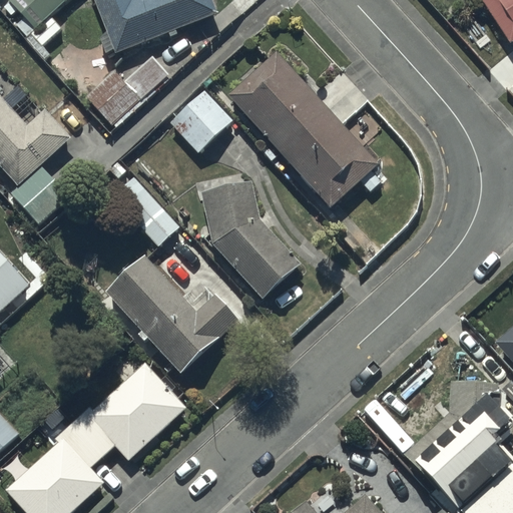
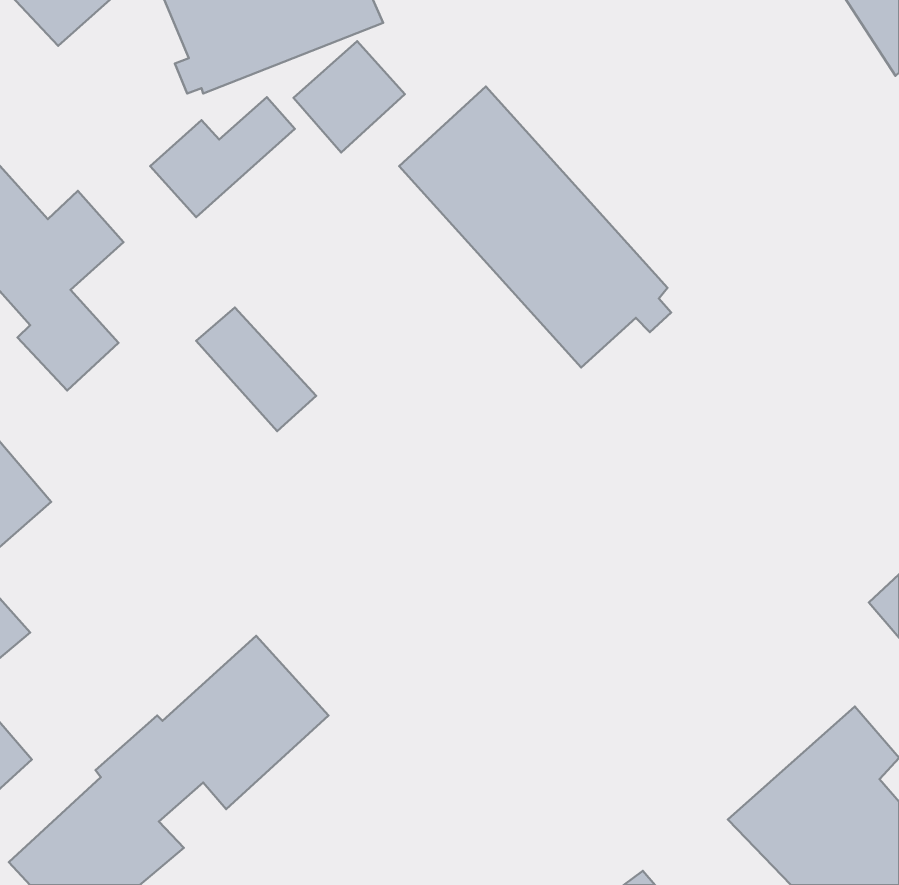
building: [169,88,232,151] -> [294,41,405,153]
building: [201,180,302,300] -> none
building: [106,256,238,375] -> none

